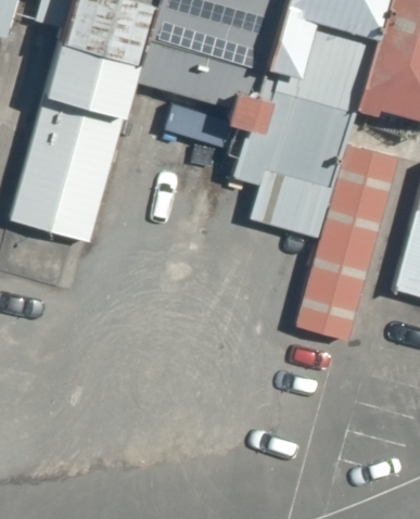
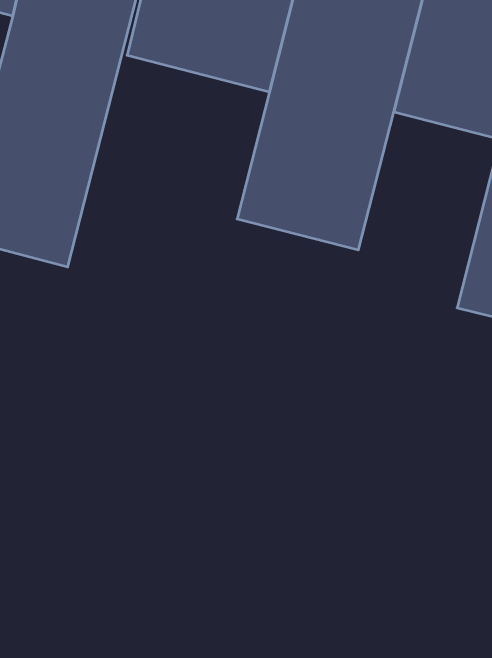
building: [267,93,380,306] -> none

